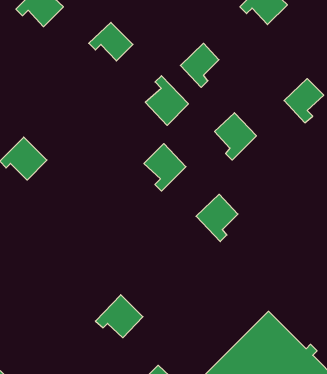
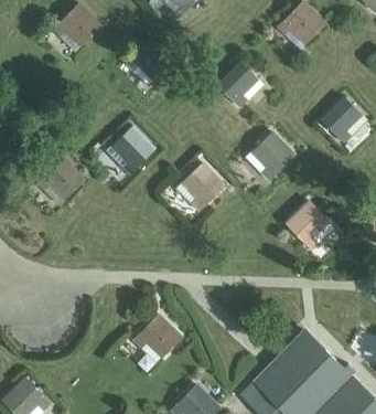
building: [145,76,188,125] -> none
building: none -> [111,127,153,174]
building: [196,194,238,242] -> [286,202,327,250]

